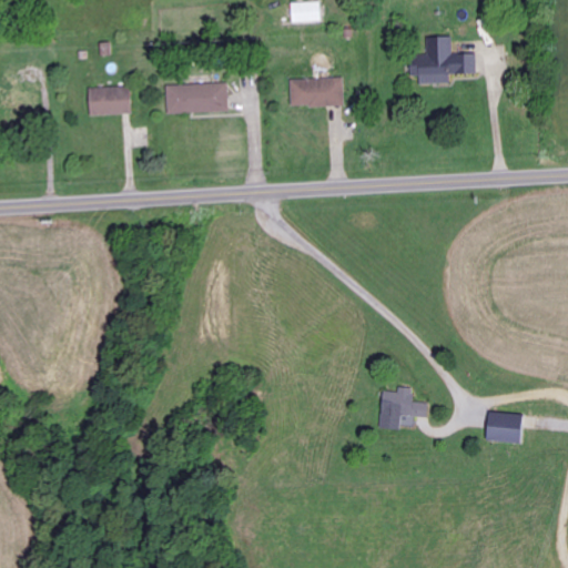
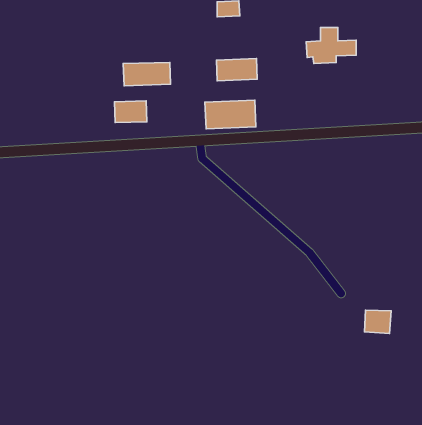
building: [87,87,130,115] -> [114,101,147,123]
building: none -> [205,100,256,129]
building: [377,387,426,429] -> none

